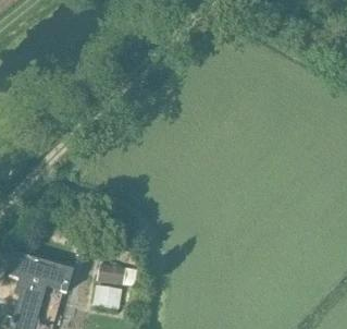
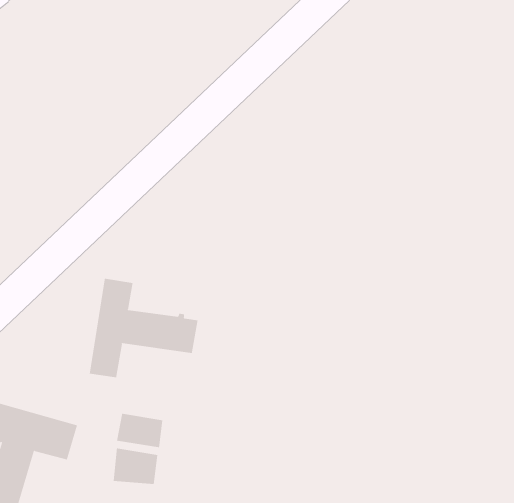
building: none -> [89,278,198,378]

